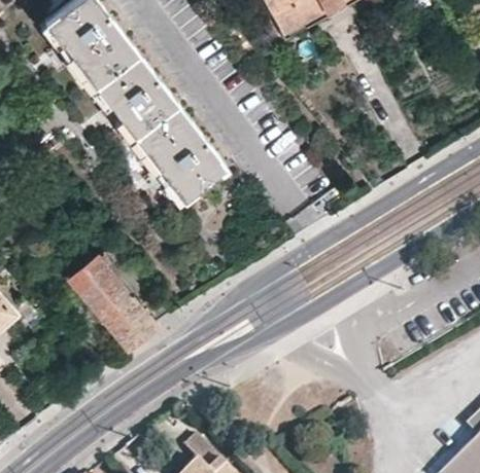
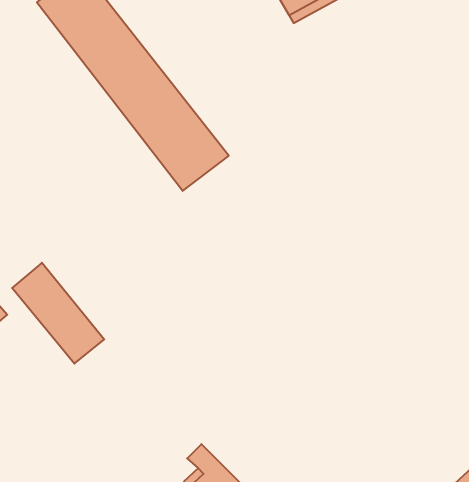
building: [68,253,155,348] -> [12,263,104,364]

